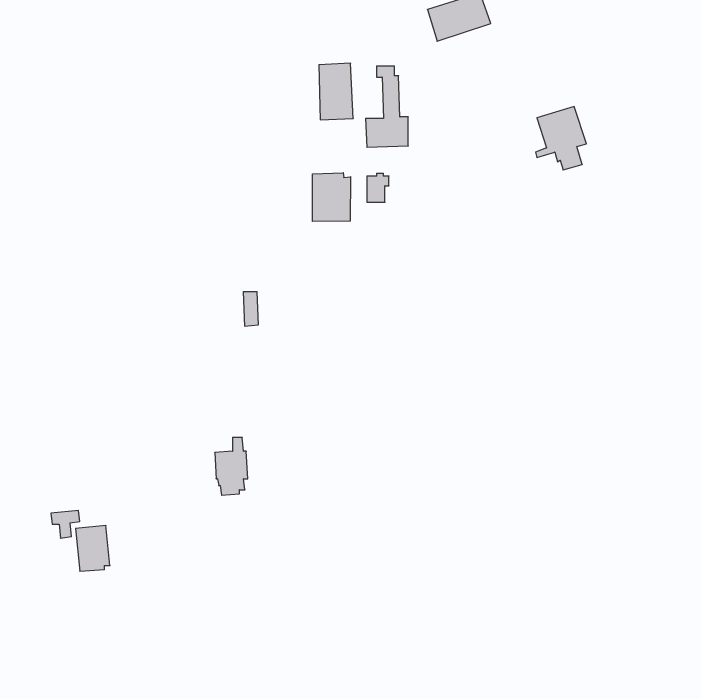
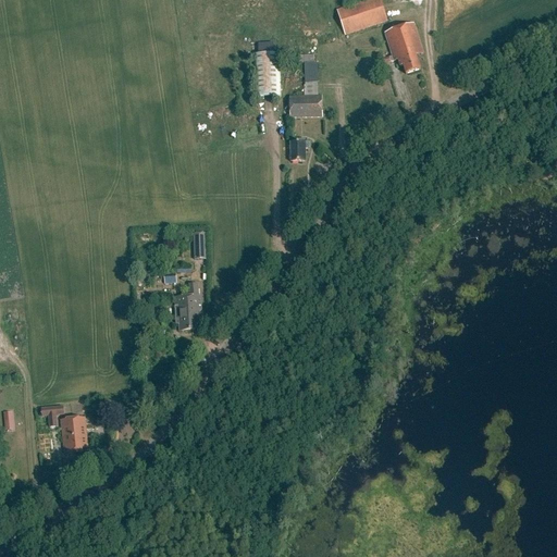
building: [536,107,586,170] -> [384,21,424,71]
building: [313,173,351,221] -> none
building: [215,437,248,495] -> [175,283,201,329]

